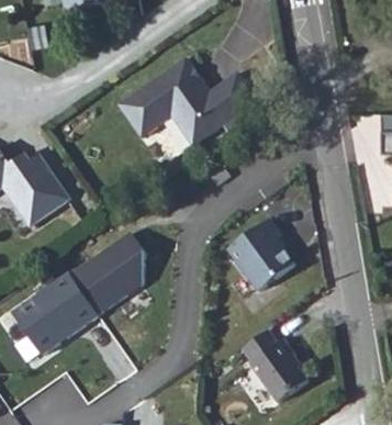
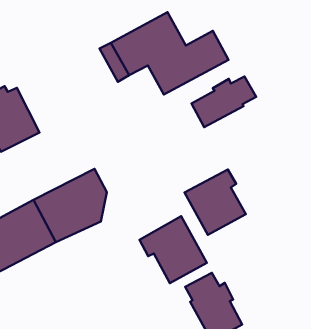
building: none -> [191,76,256,127]
building: none -> [140,216,207,283]

